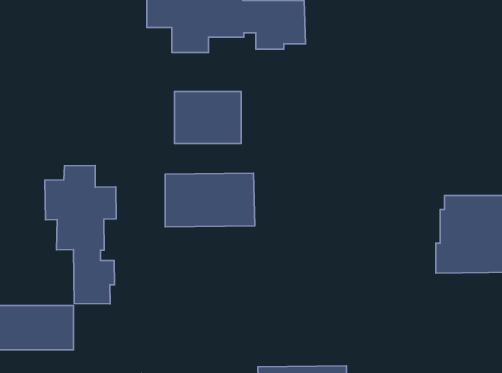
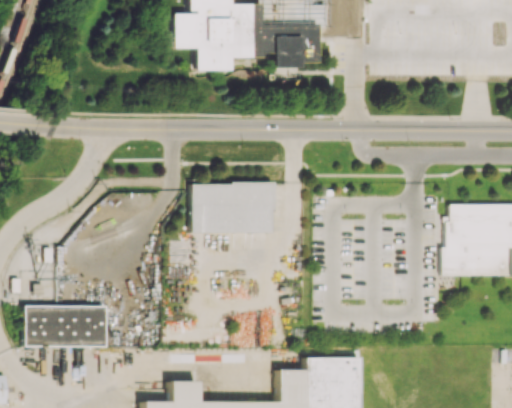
building: [174,91,241,143] -> none
building: [45,165,116,304] -> none

